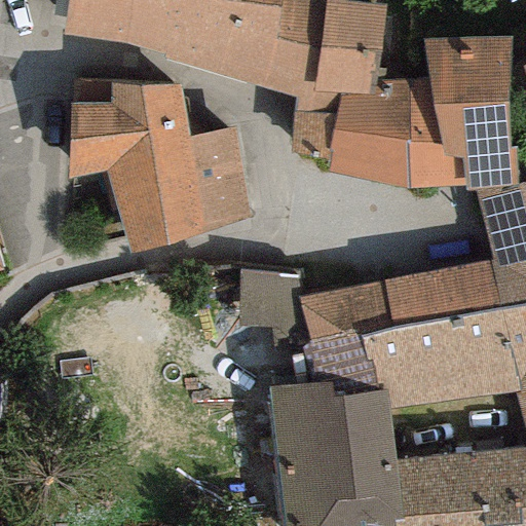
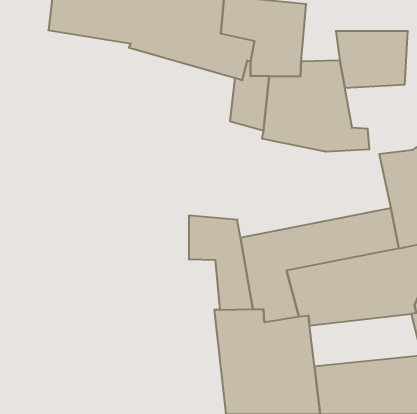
building: [69,77,249,250] -> none
building: [435,106,519,193] -> none

